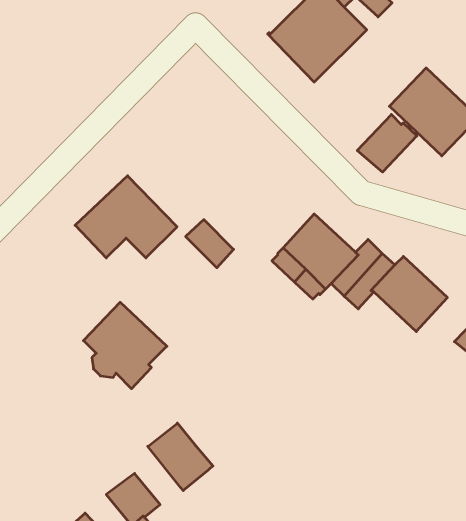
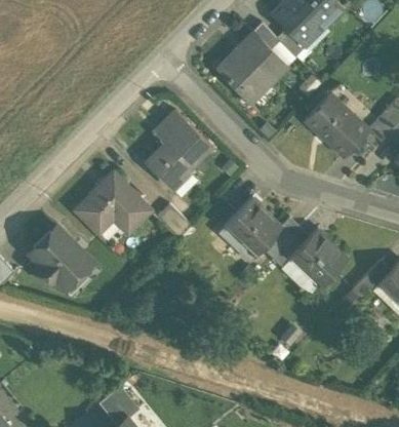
building: none -> [146,110,211,187]
building: [357,114,417,172] -> none
building: [83,302,167,389] -> [31,227,91,289]
building: [148,423,213,491] -> none

